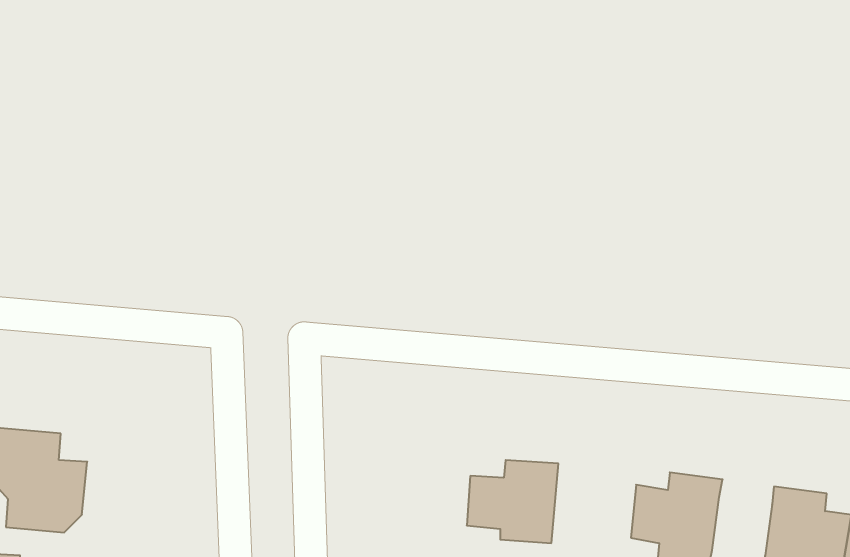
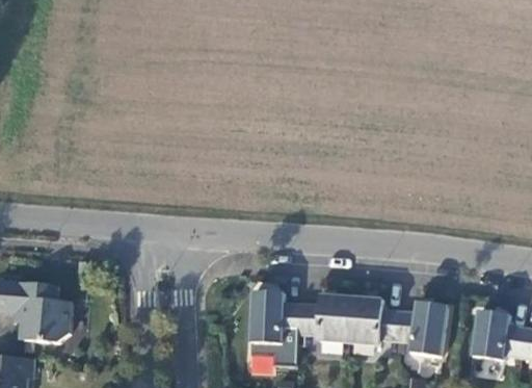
building: none -> [248,293,297,346]
building: none -> [345,299,395,348]

